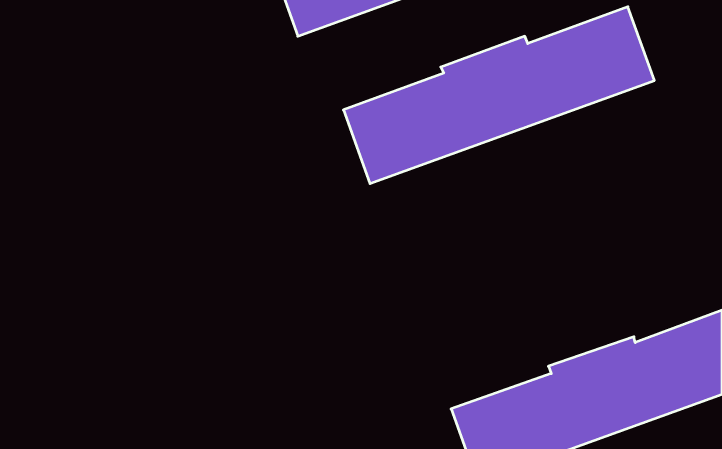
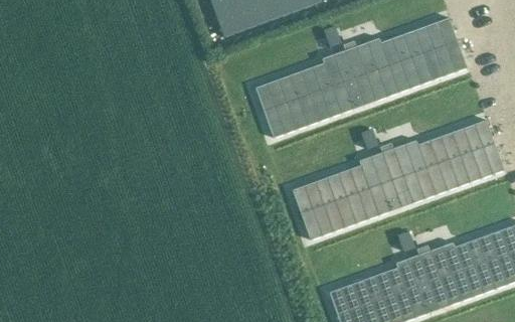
building: none -> [293,119,504,239]

